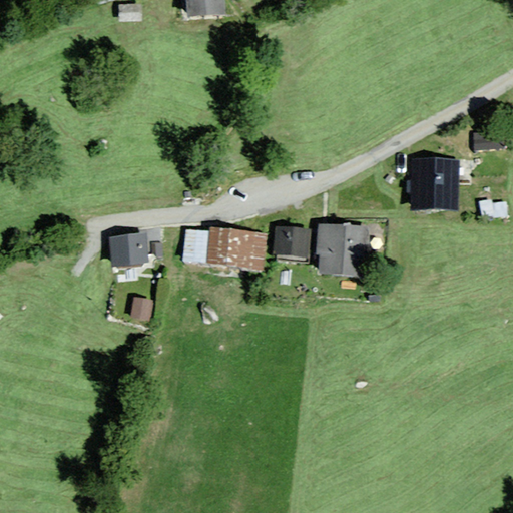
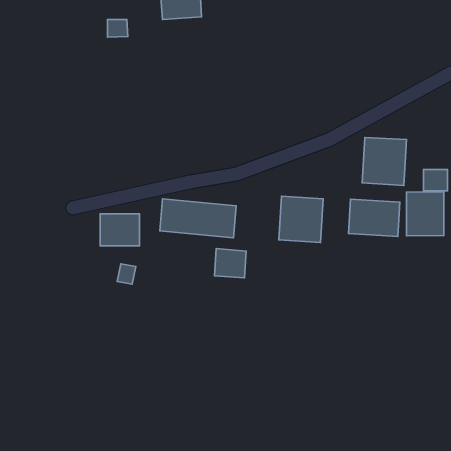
building: none -> [407,192,444,236]
building: [275,224,311,258] -> [214,248,246,278]
building: none -> [348,199,400,236]

